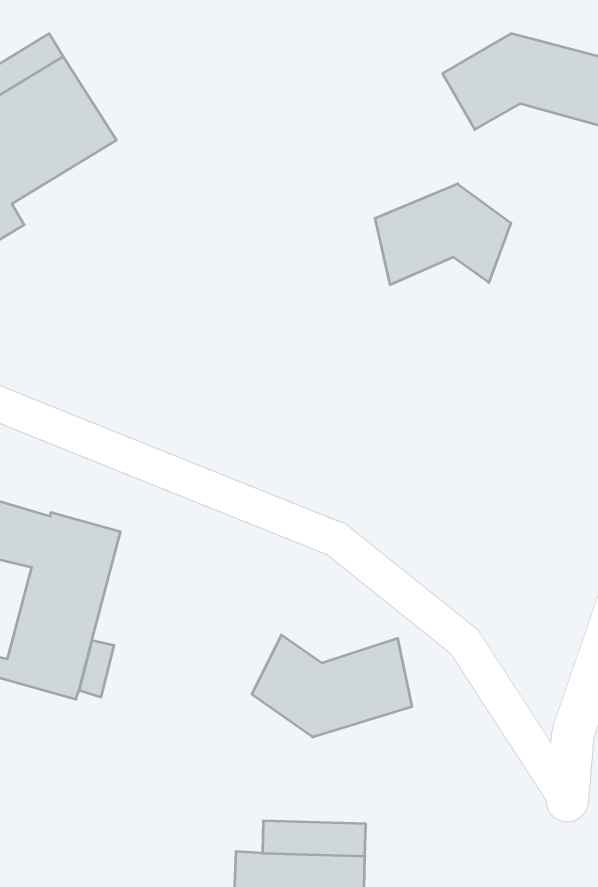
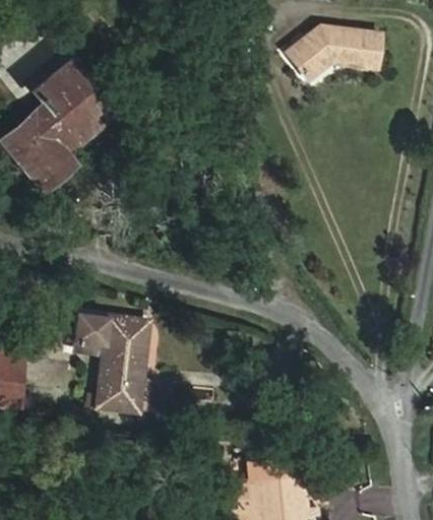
building: [375,184,511,285] -> none
building: [252,635,412,737] -> none

